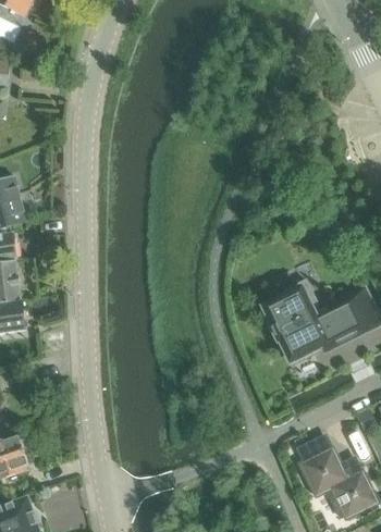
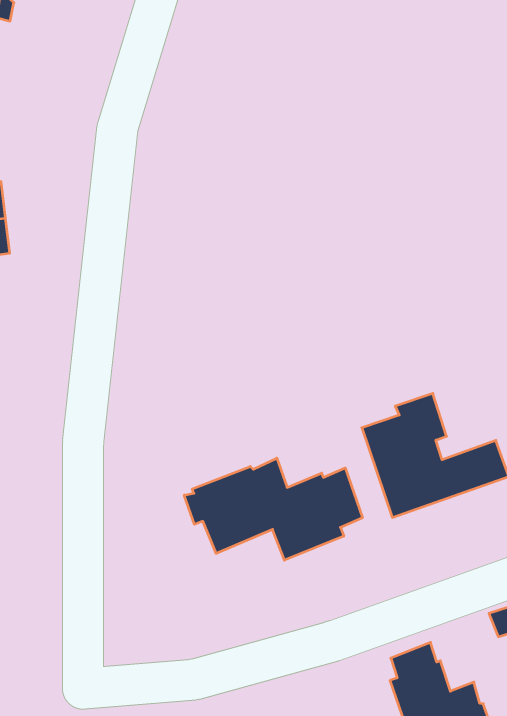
building: none -> [184,458,362,560]

